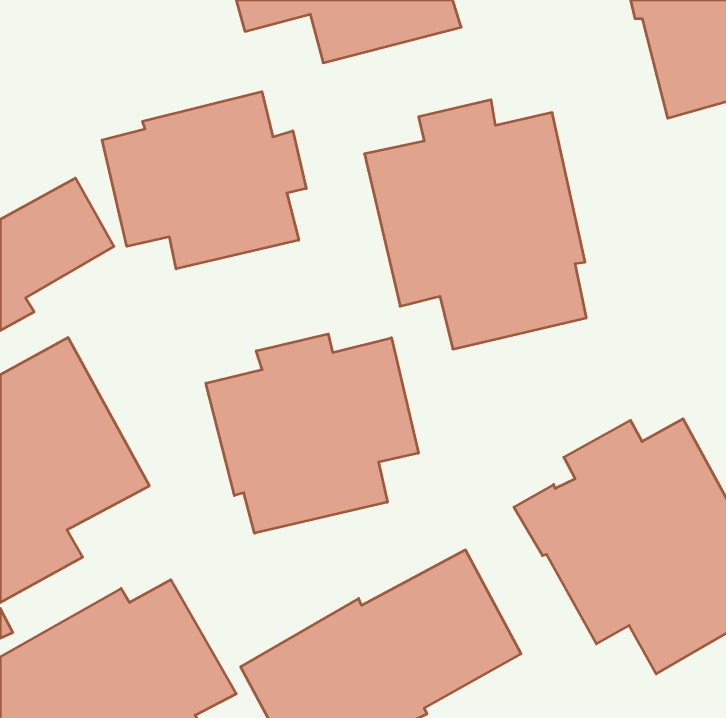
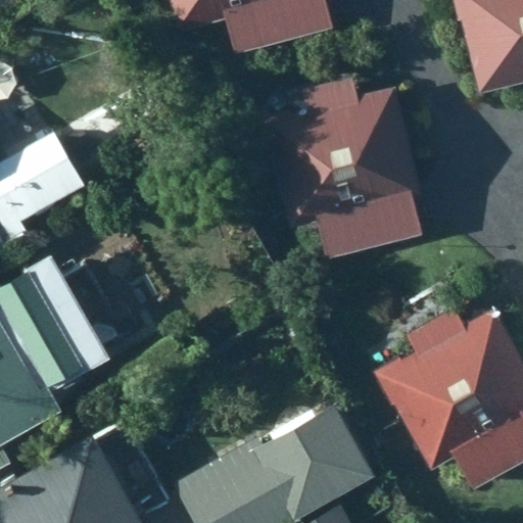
building: [102,92,306,269] -> none
building: [206,334,418,533] -> none

